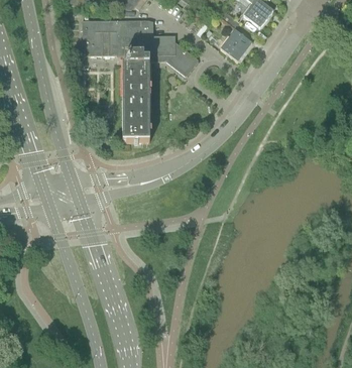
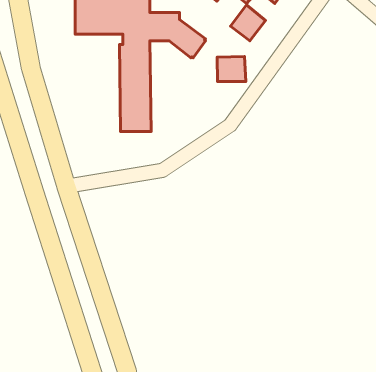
building: none -> [217,56,246,81]

